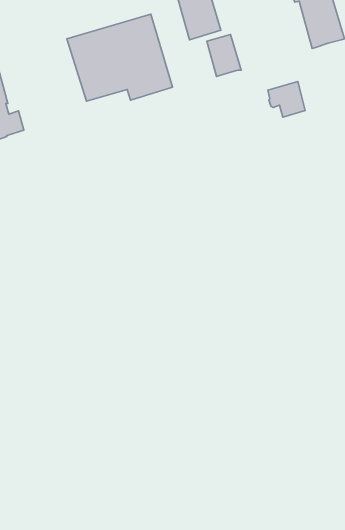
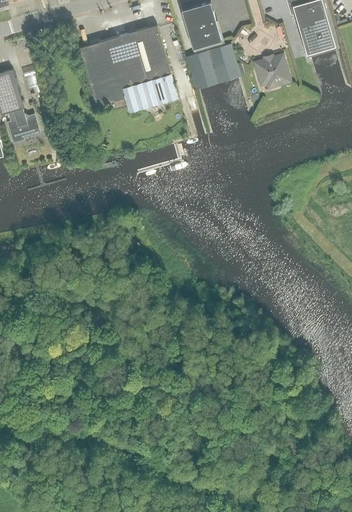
building: none -> [185,50,217,90]
building: [268,82,305,117] -> [254,55,289,88]

